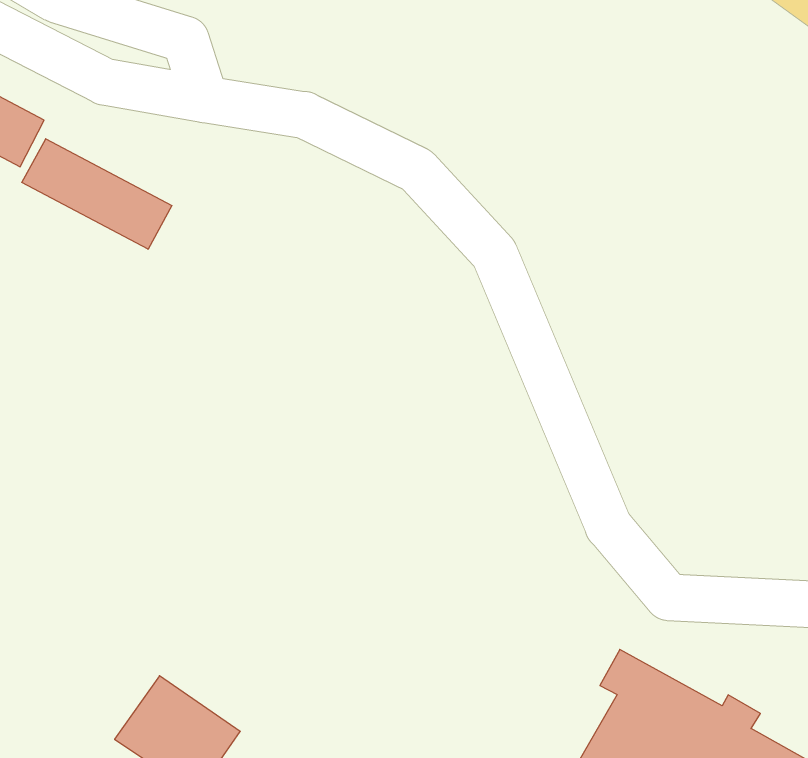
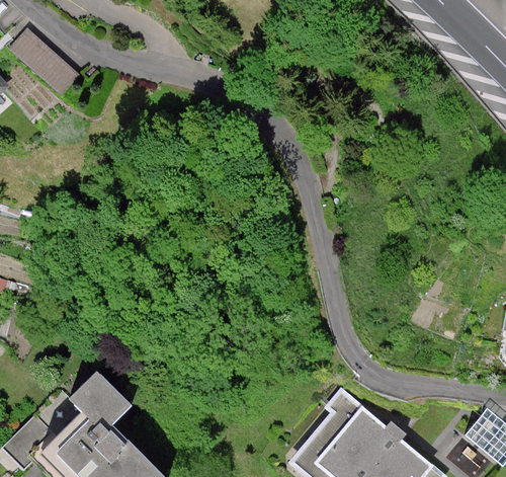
building: [22,139,172,249] -> none

